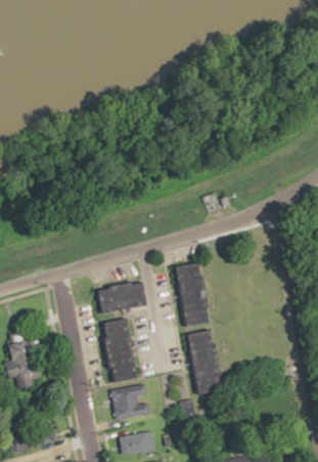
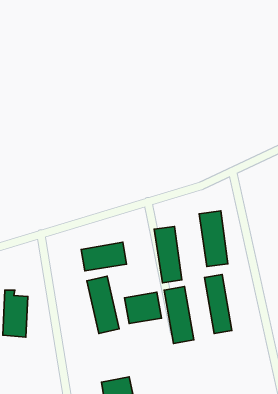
building: none -> [199,211,228,266]
building: none -> [205,274,232,334]
building: [107,385,148,420] -> [124,292,161,324]

